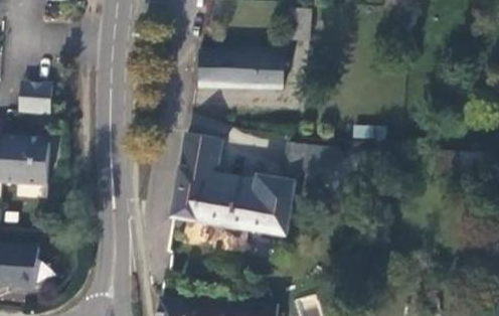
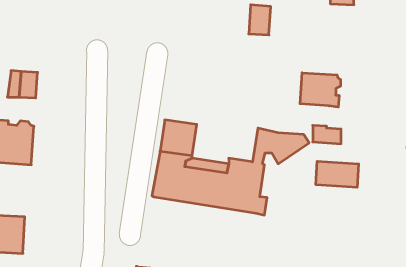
building: [197,49,282,90] -> none
building: none -> [300,73,341,107]
building: none -> [316,161,359,187]

